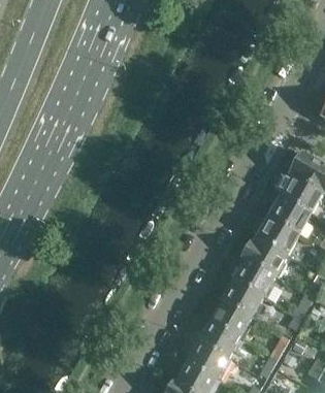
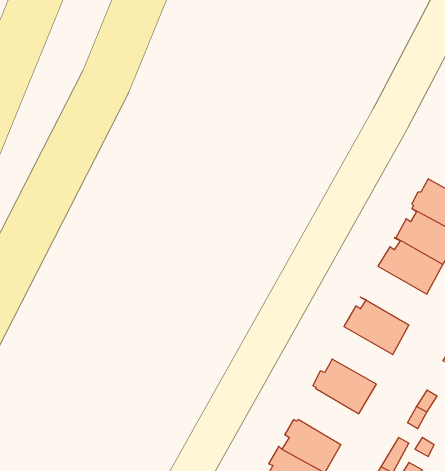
building: [253,215,299,256] -> none
building: [231,257,275,297] -> none
building: [207,300,252,339] -> none

